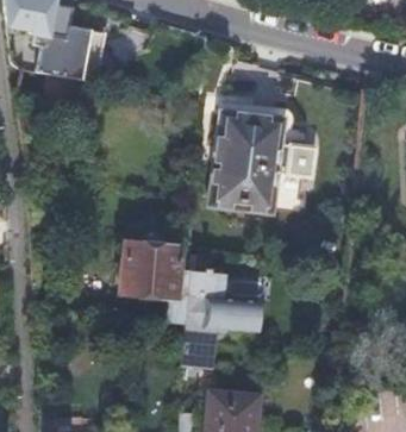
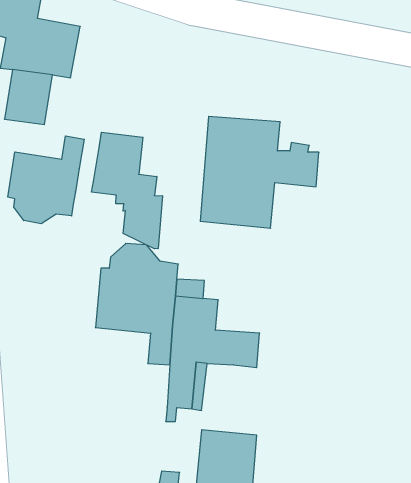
building: none -> [92,132,162,249]
building: none -> [8,136,84,224]

